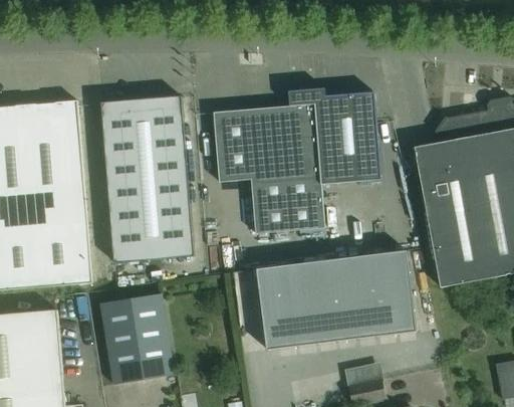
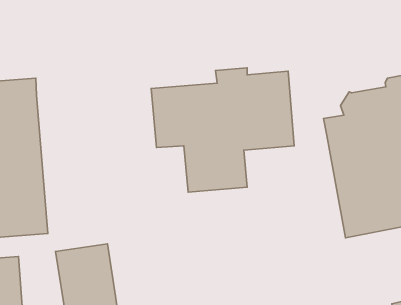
building: [100,95,193,261] -> none
building: [256,250,416,349] -> none

